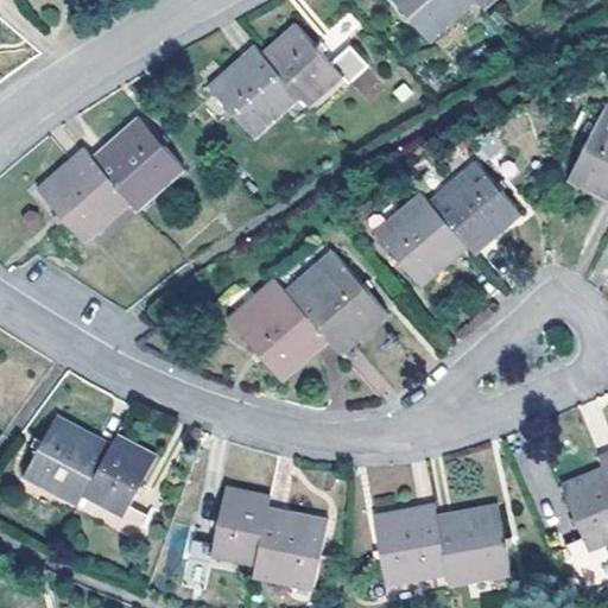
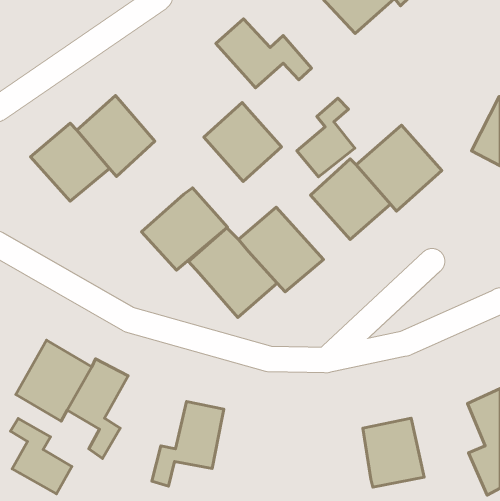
building: [205,43,299,138] -> [204,103,282,181]
building: none -> [297,98,355,177]
building: none -> [141,188,227,270]
building: [373,502,446,588] -> none
building: none -> [11,419,72,494]
building: [253,505,327,588] -> none

